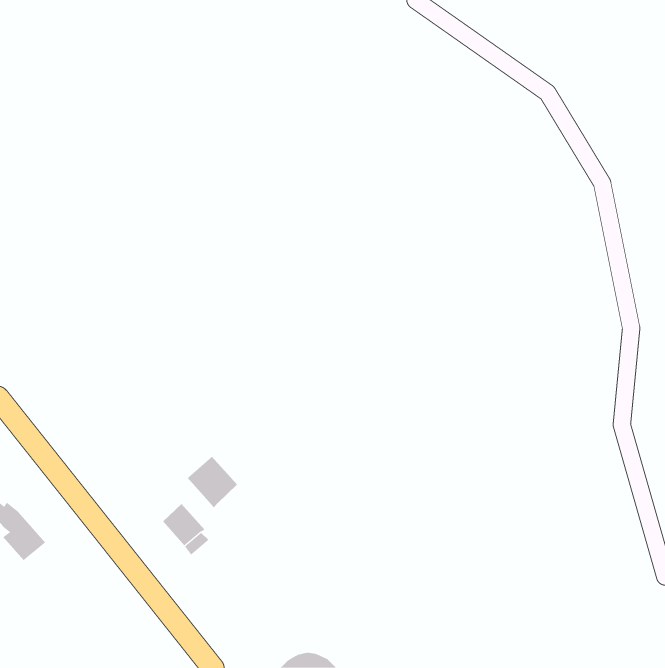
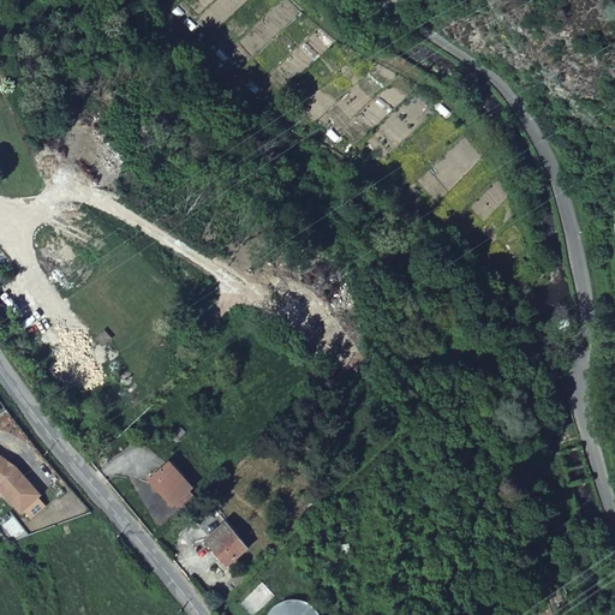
building: [187,456,238,508] -> none
building: none -> [207,526,247,566]

